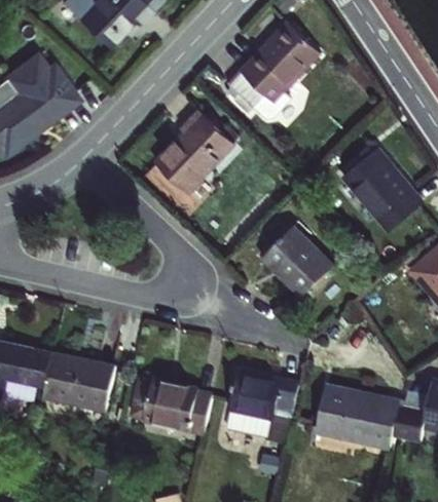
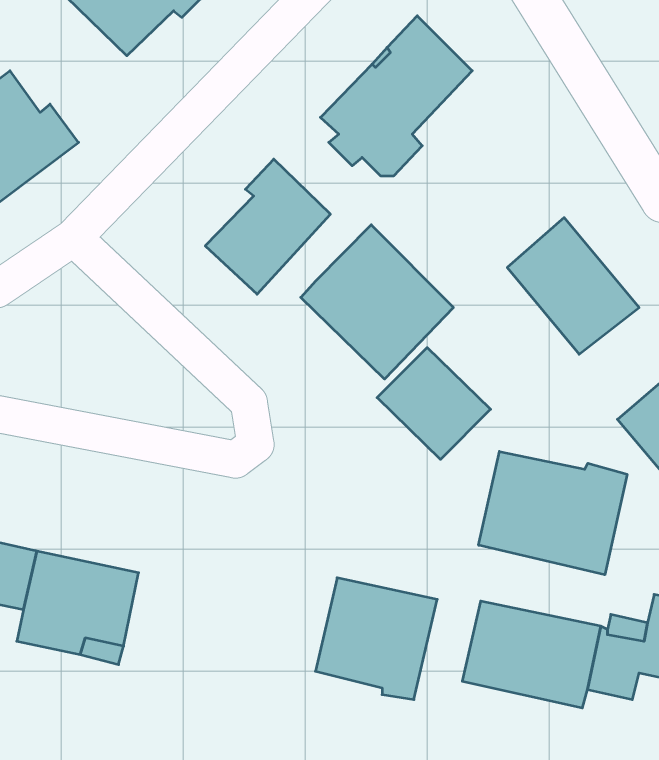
building: none -> [301,225,453,379]
building: none -> [479,451,627,575]
building: [127,375,212,432] -> none

